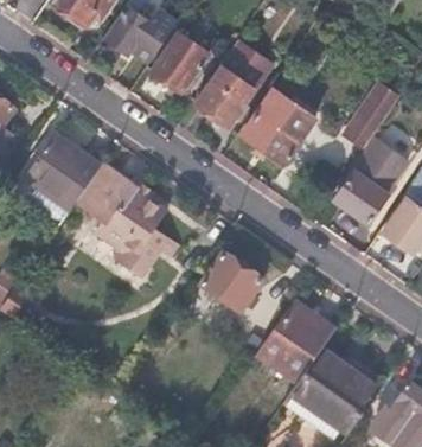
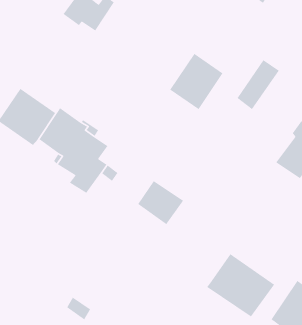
building: [149,28,206,90] -> none
building: [194,44,269,127] -> none
building: [334,139,405,222] -> none
building: [256,302,335,383] -> none

